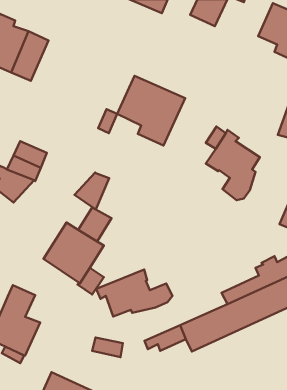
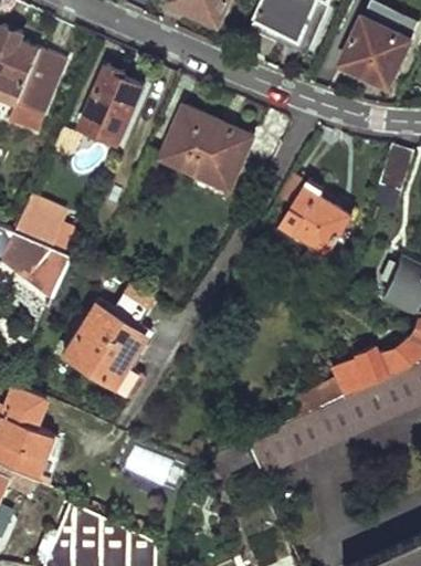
building: none -> [78,65,144,144]
building: [74,172,109,210] -> [22,248,69,297]
building: [96,269,172,317] -> none

